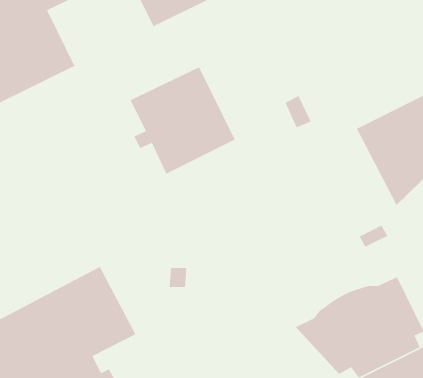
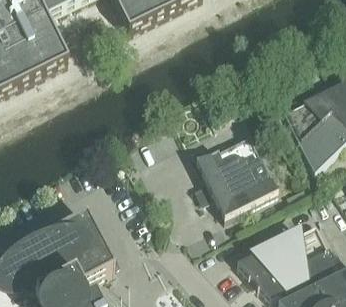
building: [129,66,236,175] -> [196,130,278,214]

